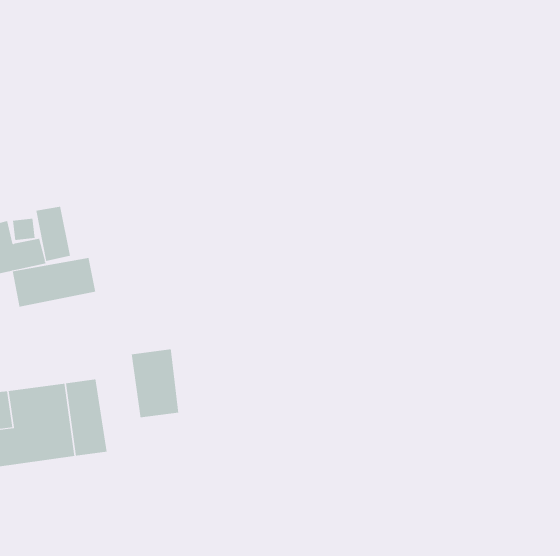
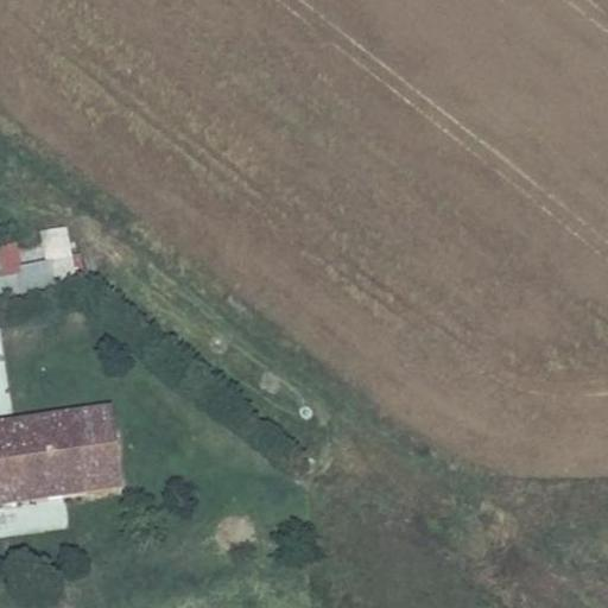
building: [12,257,96,307] -> none
building: [131,348,179,418] -> none

